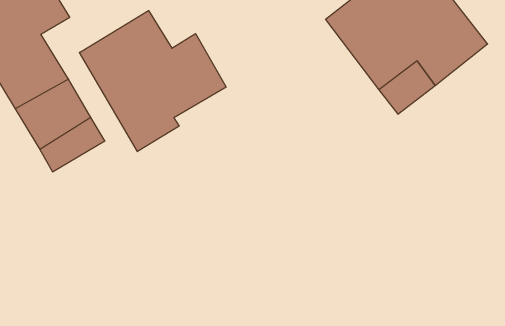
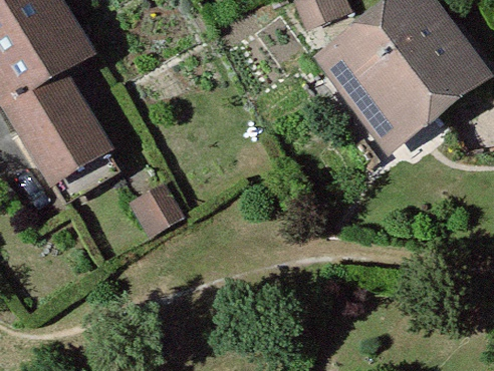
building: [79,11,226,152] -> none

